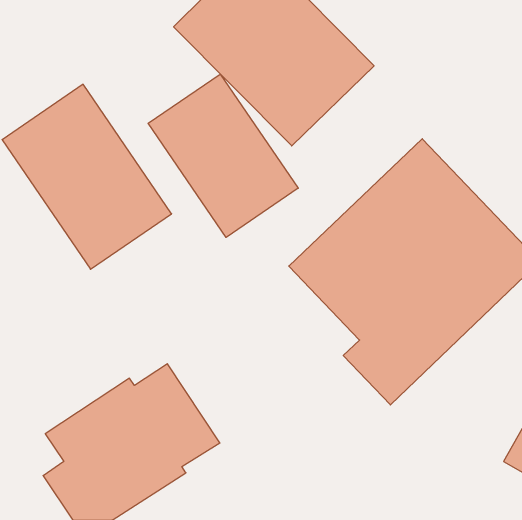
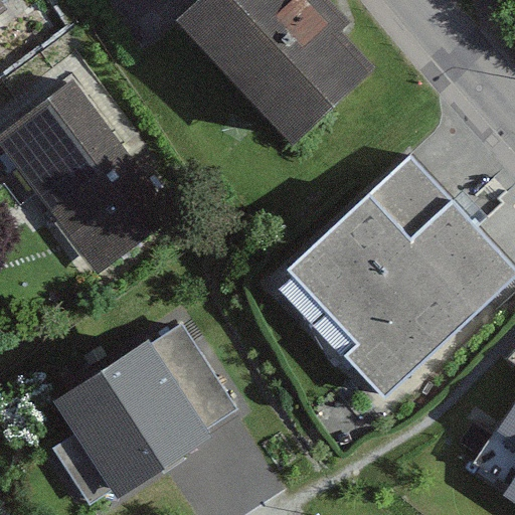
building: [148,74,298,237] -> none

